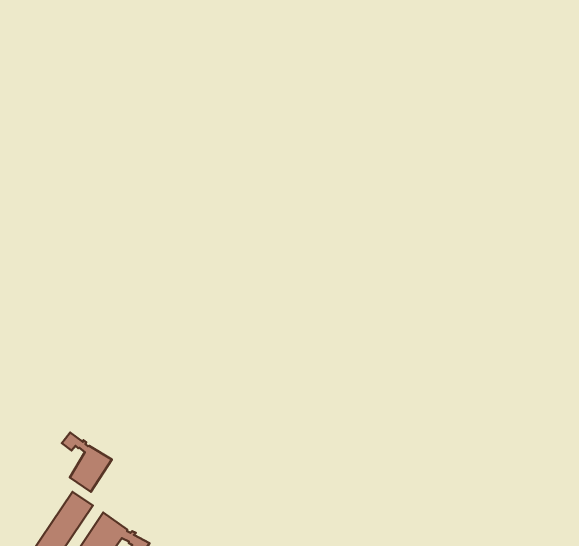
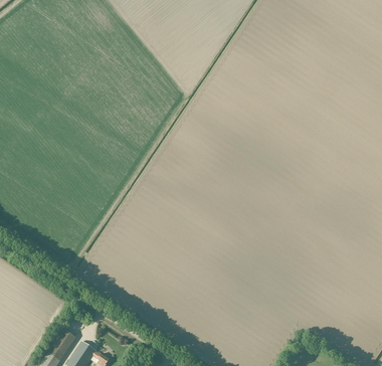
building: [62,432,112,492] -> none

